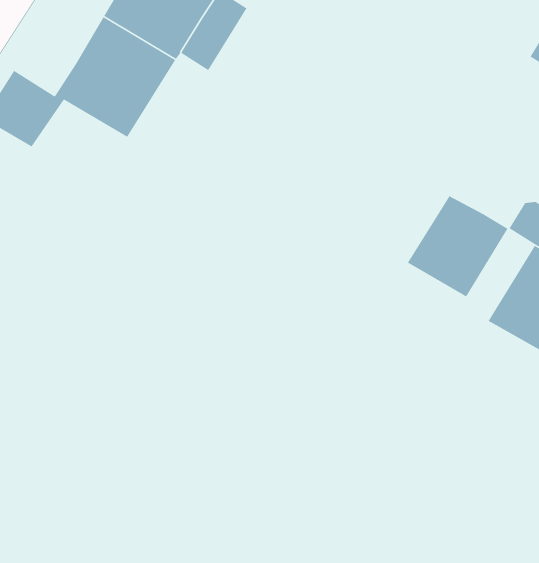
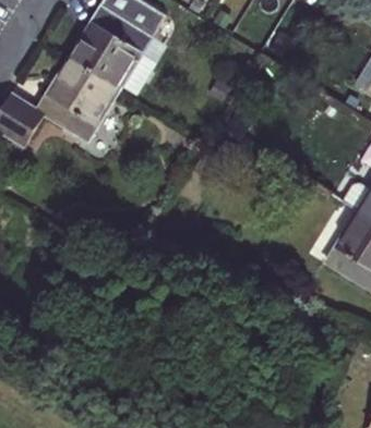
building: [407,195,508,297] -> none

